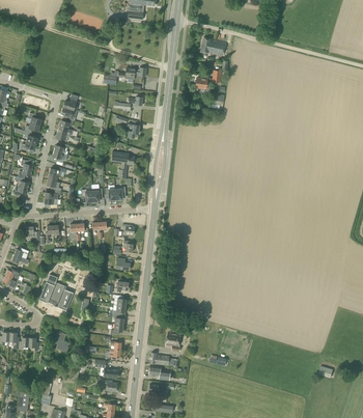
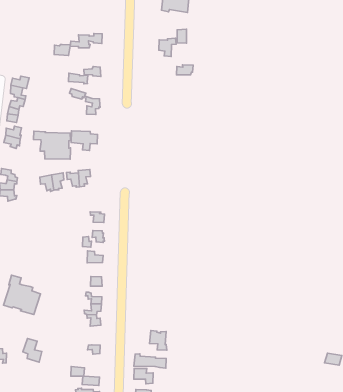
building: none -> [33,131,71,159]

